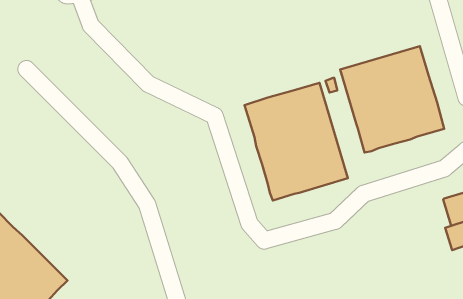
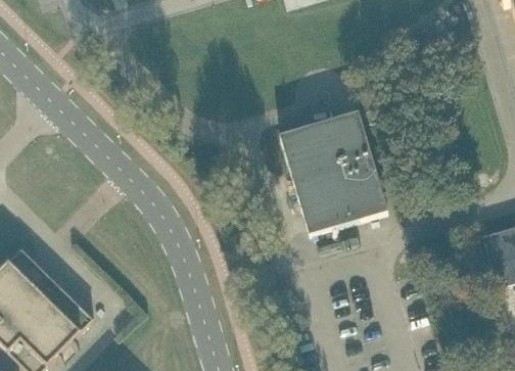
building: [340,46,444,152] -> none

